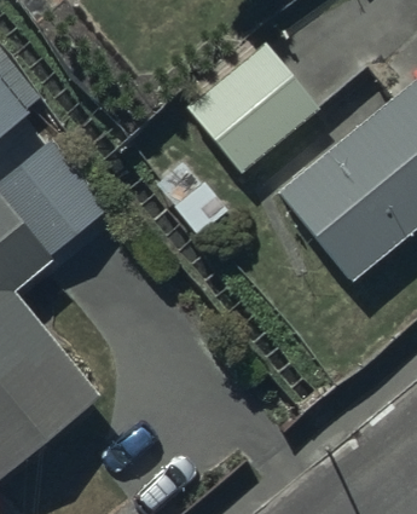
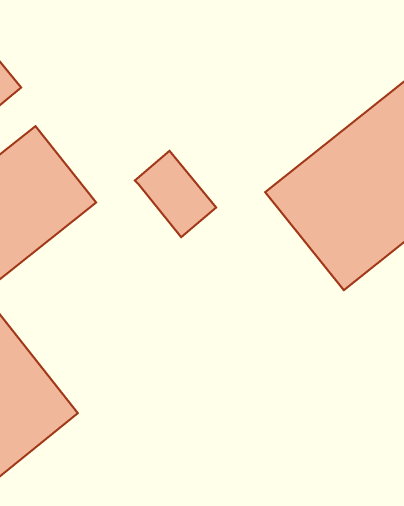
building: [186,44,320,173] -> none

